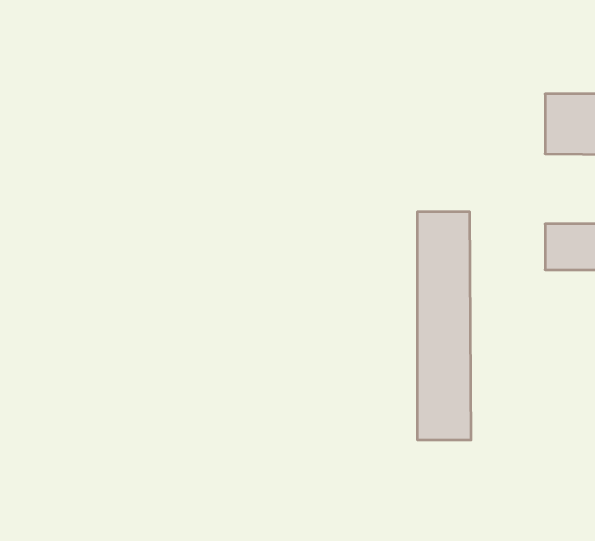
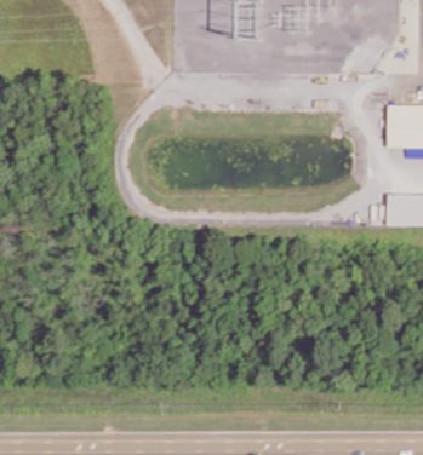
building: [418,212,471,440] -> none

